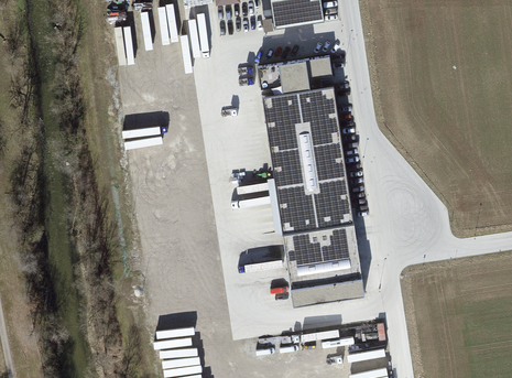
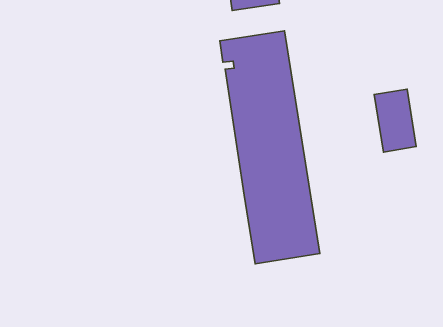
building: none -> [374,89,416,152]

